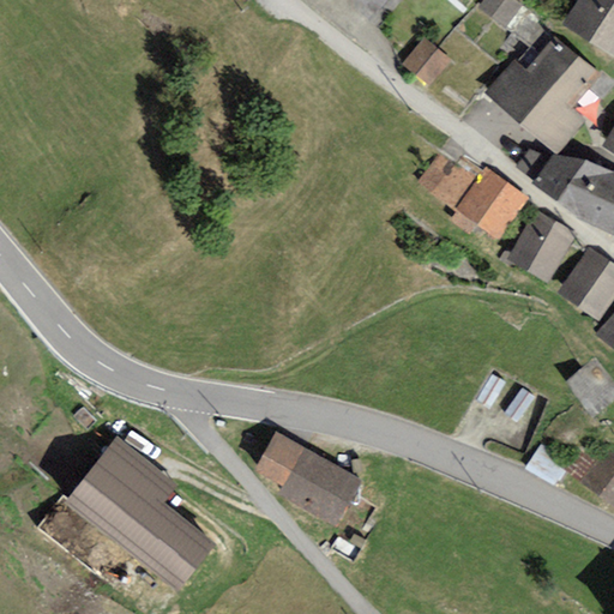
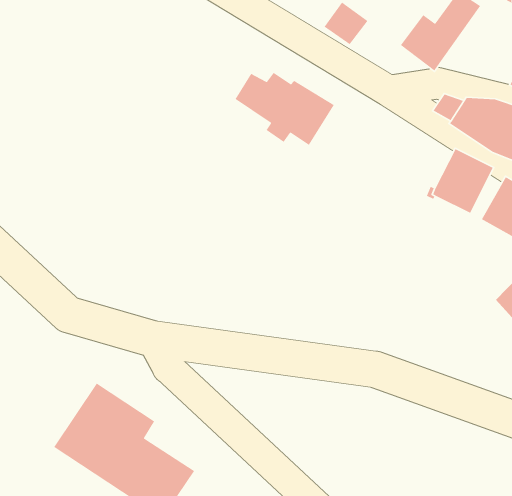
building: [520,55,601,152] -> none
building: [419,154,529,240] -> [235,72,335,146]
building: [254,432,365,526] -> none

